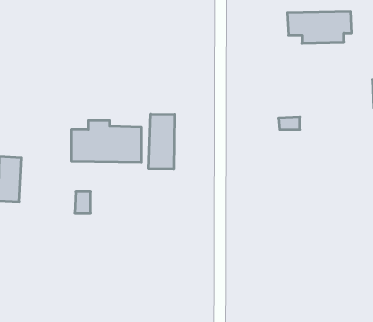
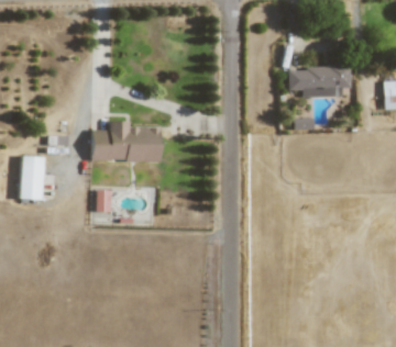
building: [287,12,352,43] -> [289,66,352,97]
building: [149,114,175,169] -> none

